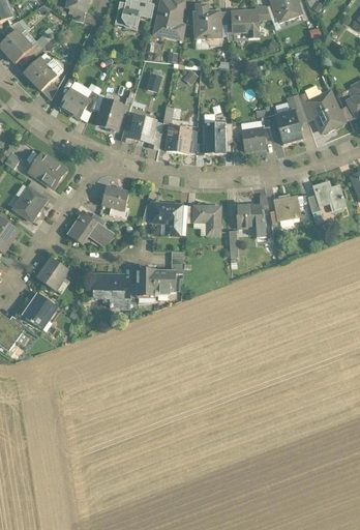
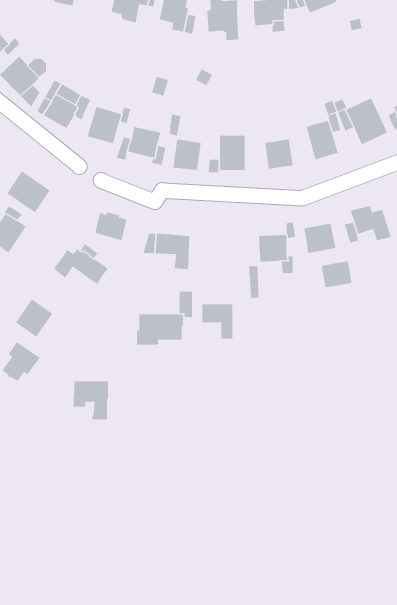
building: [193,206,219,235] -> [202,304,233,339]
building: none -> [321,261,352,288]
building: [93,275,123,307] -> [72,381,109,420]

